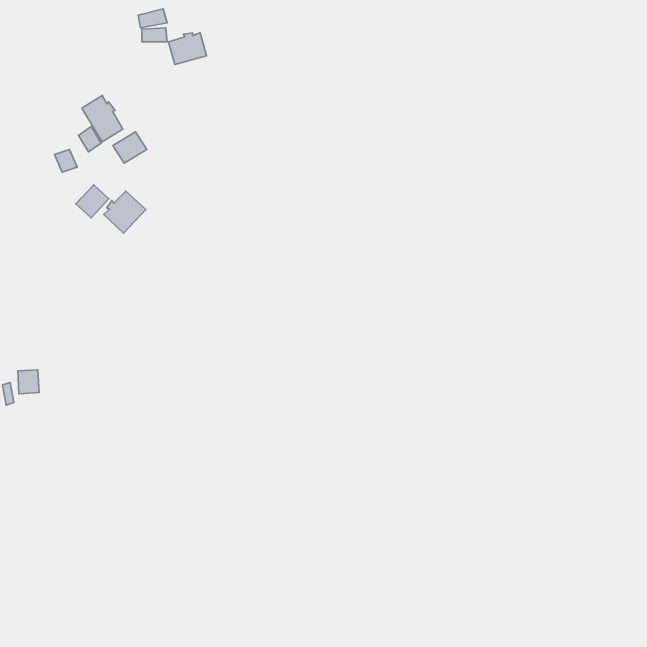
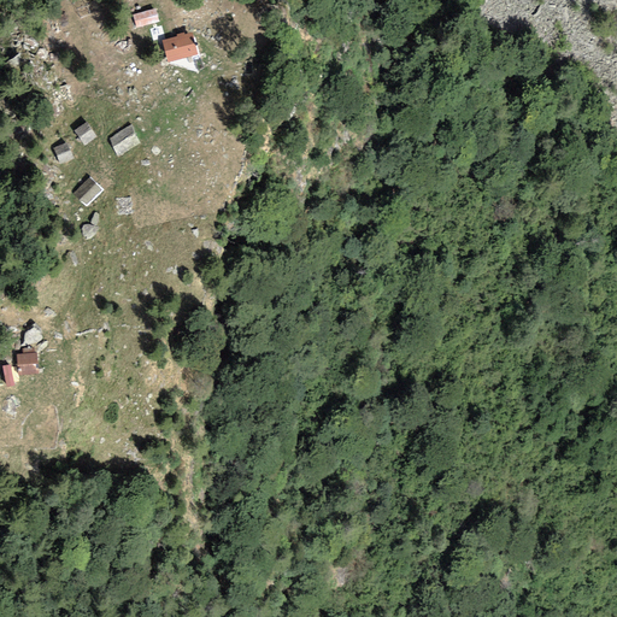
building: [82,96,123,142] -> none
building: [104,191,146,233] -> none

